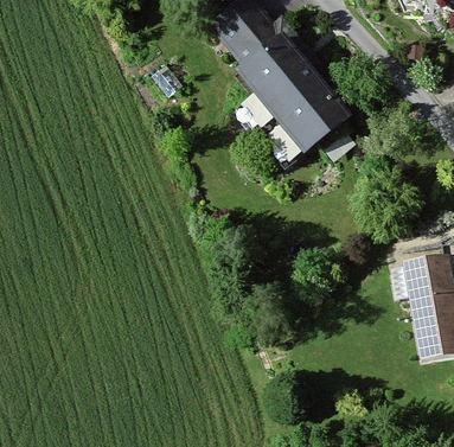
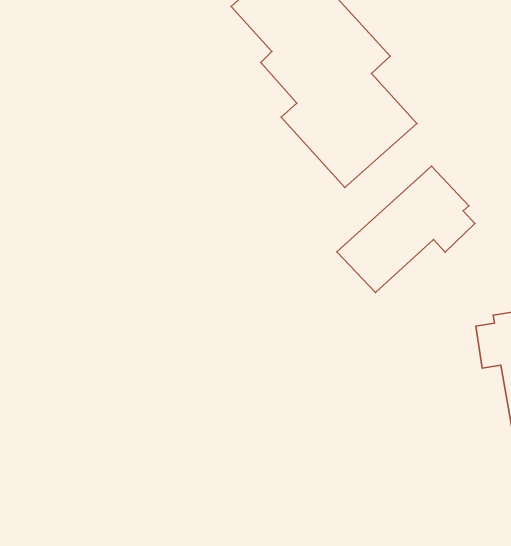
building: none -> [337,166,475,292]

